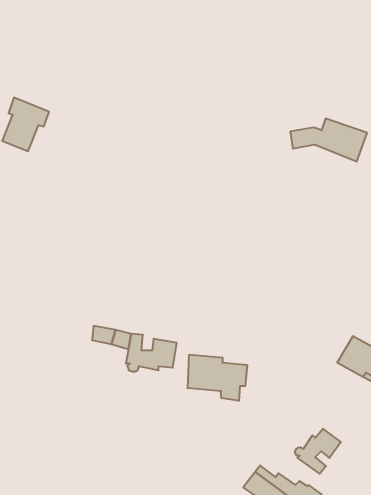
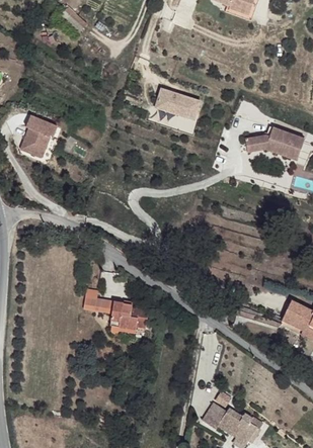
building: none -> [155,87,204,122]
building: [188,355,247,401] -> none
building: [295,429,341,474] -> none

